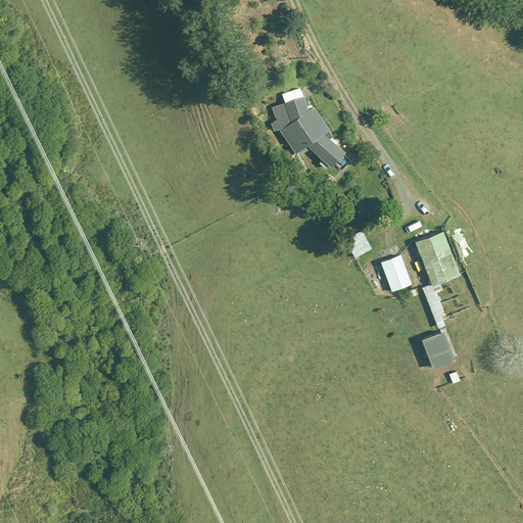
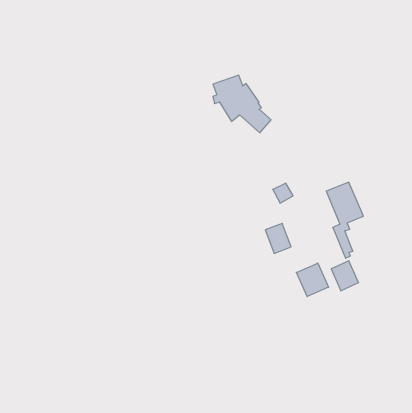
building: [380,254,413,292] -> [265,223,291,253]
building: none -> [296,263,329,297]

